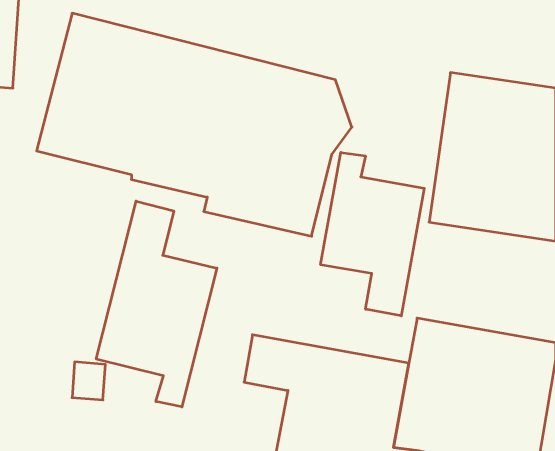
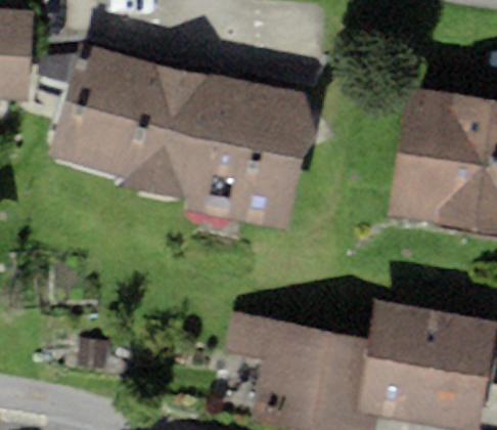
building: [321,152,424,316] -> none
building: [96,201,217,407] -> none

